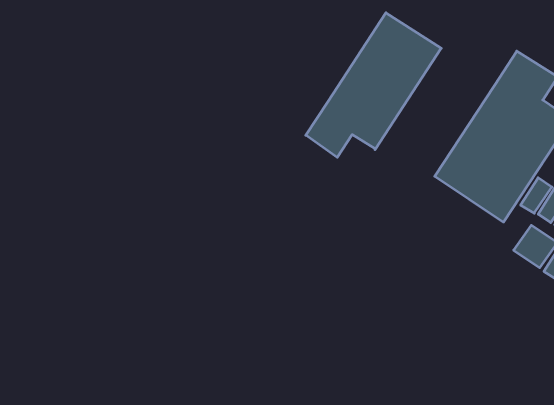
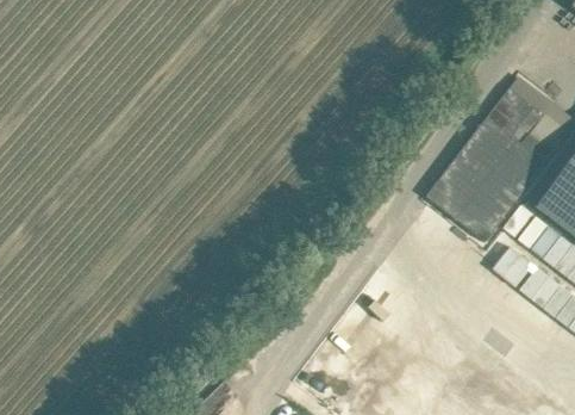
building: [306,13,441,157] -> none

